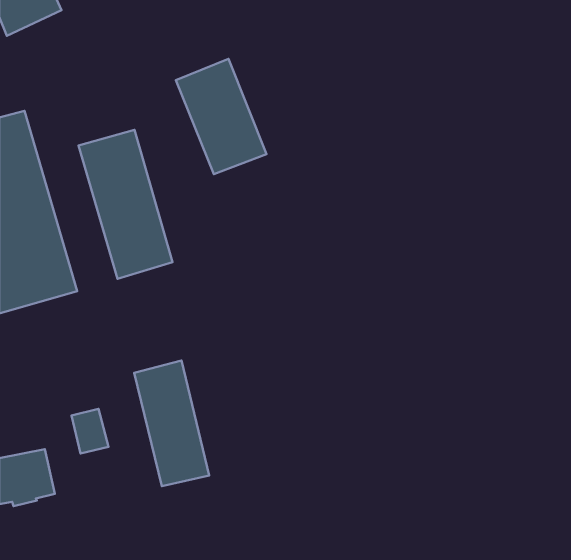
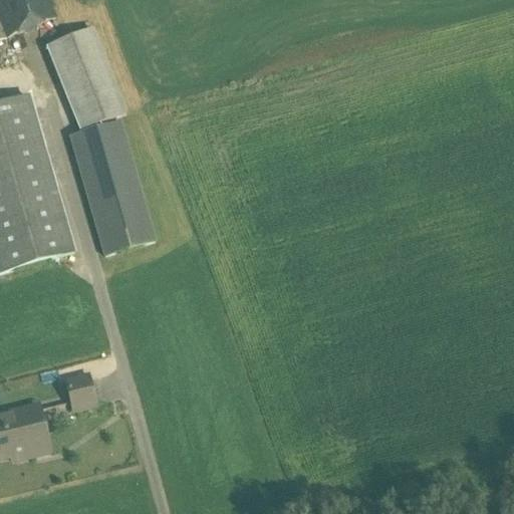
building: [176,59,267,174] -> [46,22,127,125]
building: [134,361,209,486] -> none

